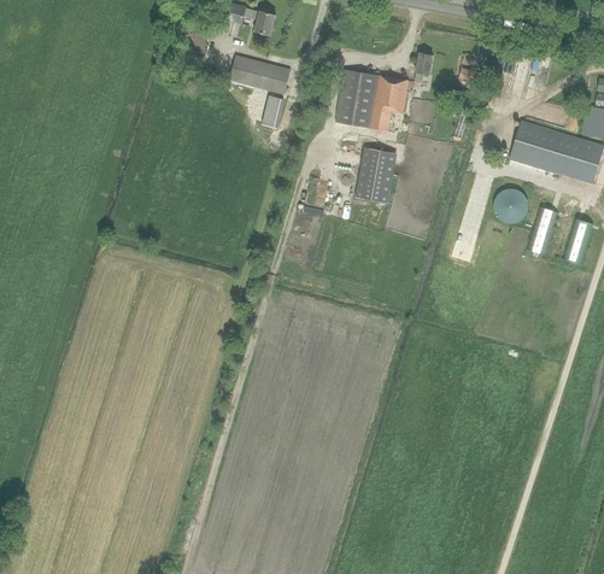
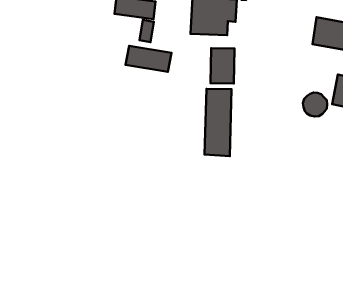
building: none -> [126,46,171,72]
building: [493,187,528,222] -> [303,93,327,117]
building: none -> [204,89,231,156]

